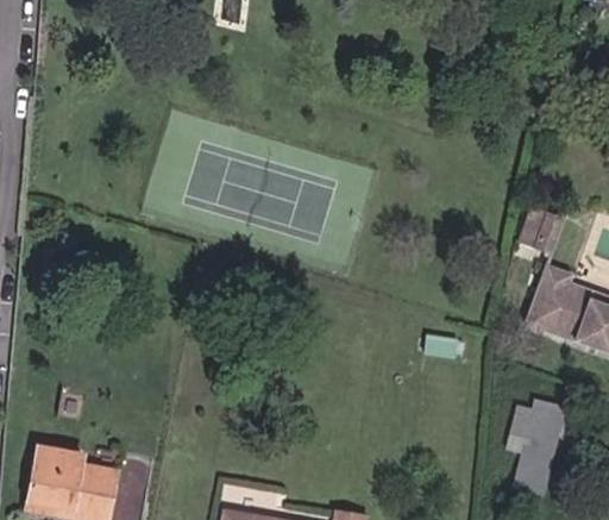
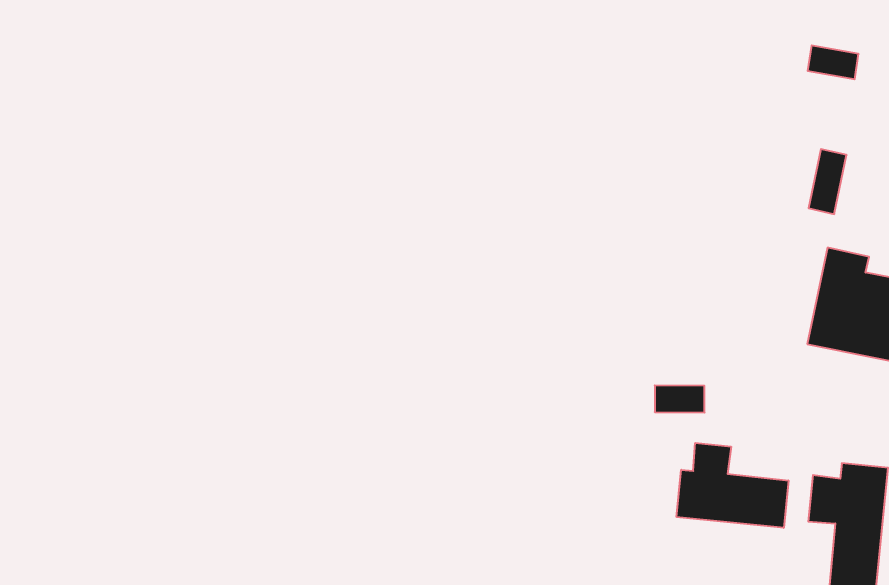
building: none -> [677,443,788,528]

